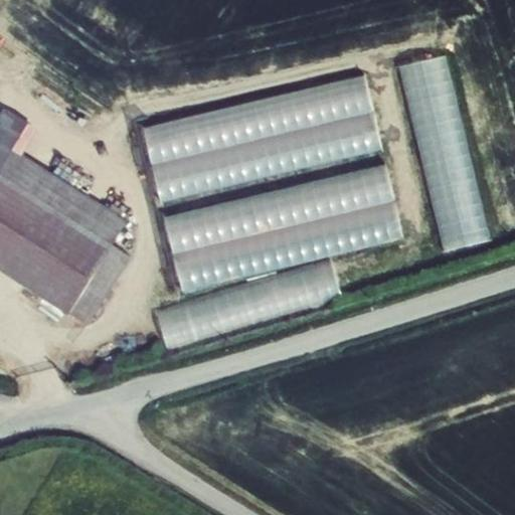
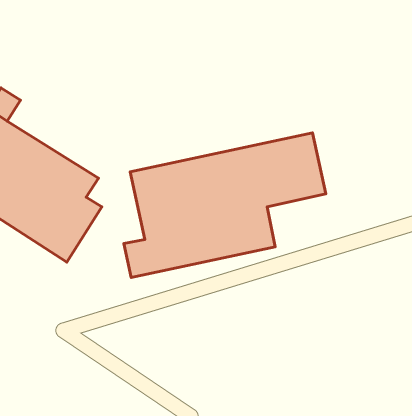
building: [400,52,489,248] -> none
building: [140,76,381,197] -> none

